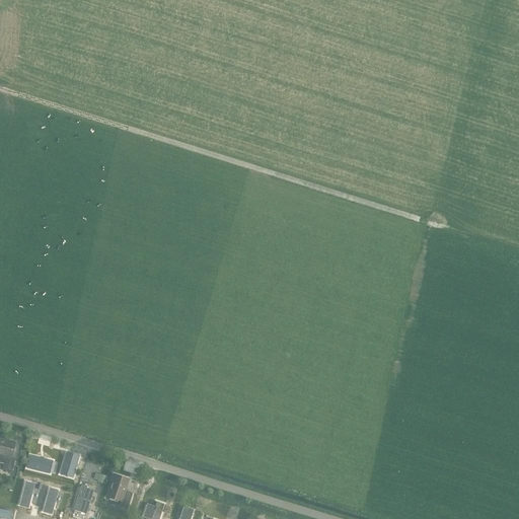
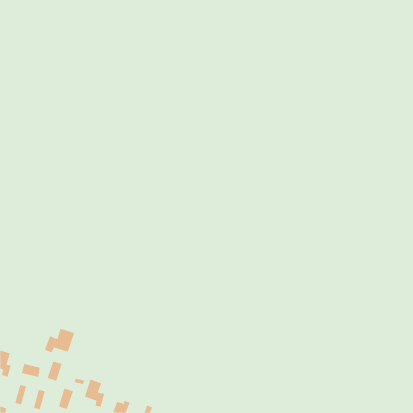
building: none -> [44,328,75,353]

